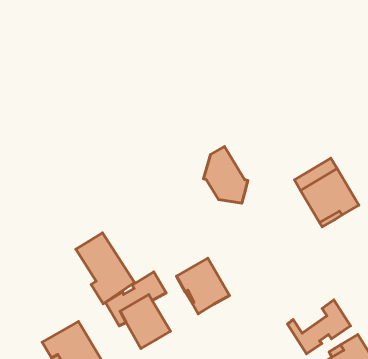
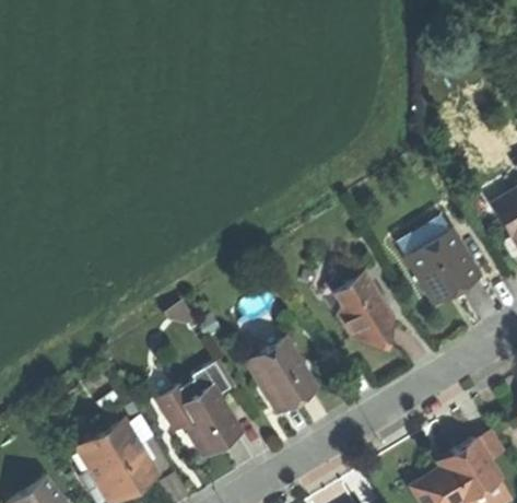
building: [204,147,248,203] -> [338,278,393,349]
building: [76,233,135,304] -> none
building: [288,300,351,354] -> none

